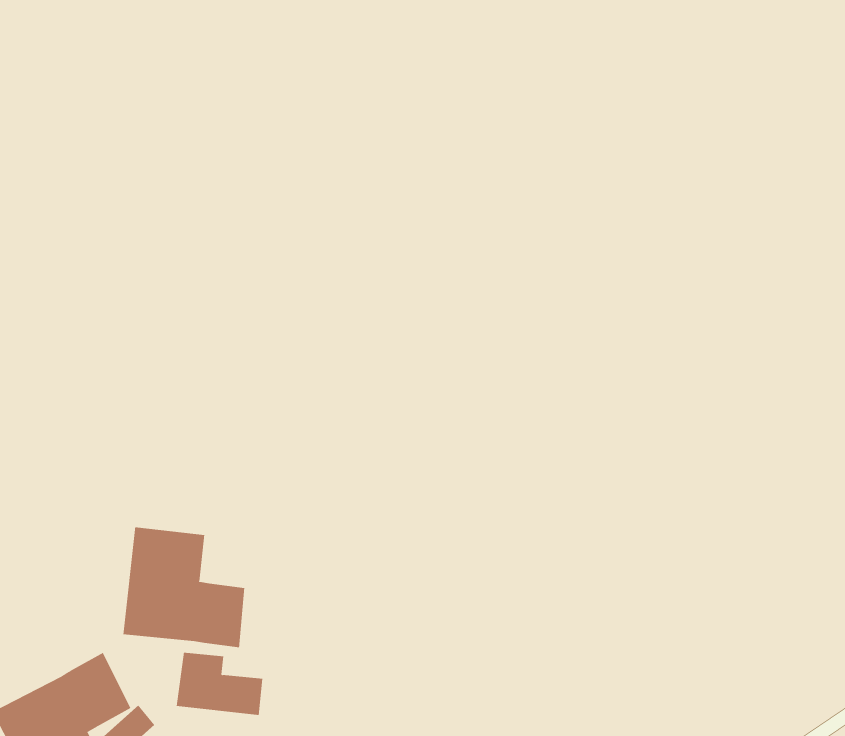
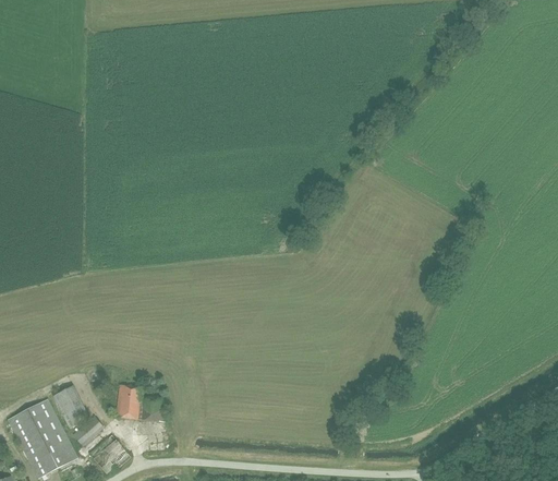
building: [123,527,245,648] -> none

